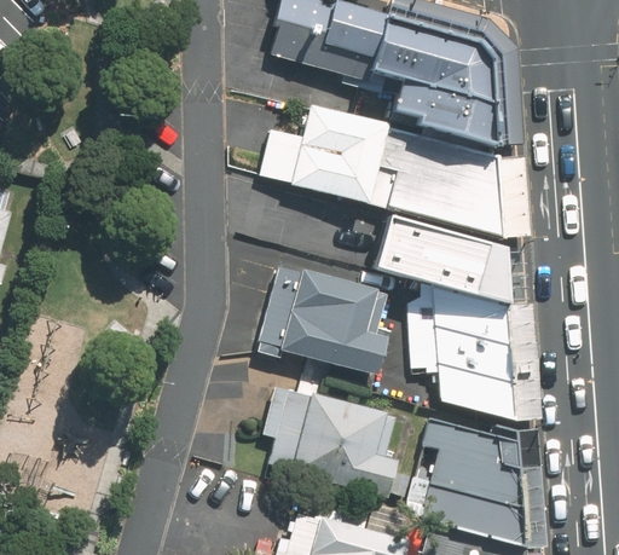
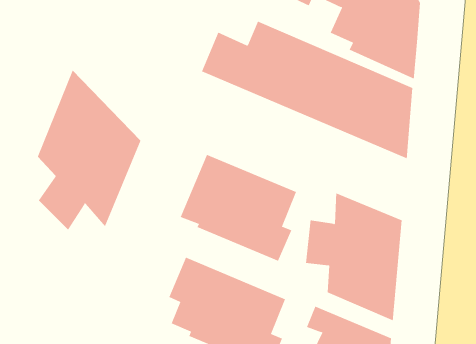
building: none -> [37,70,141,231]
building: [378,216,510,302] -> none

